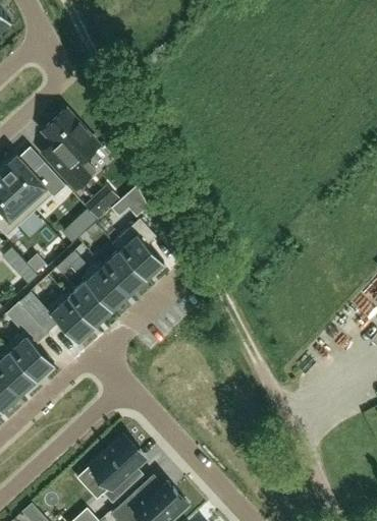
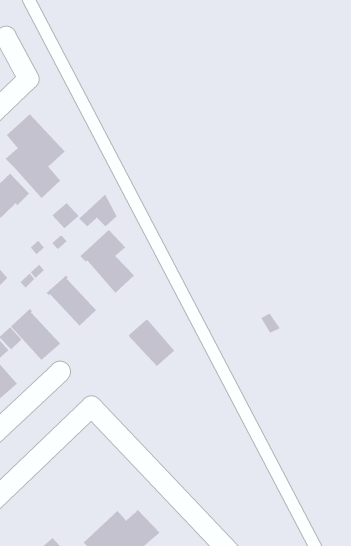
building: [101,249,146,295] -> [128,318,175,367]
building: [67,281,112,327] -> none
building: [90,435,145,504] -> none

